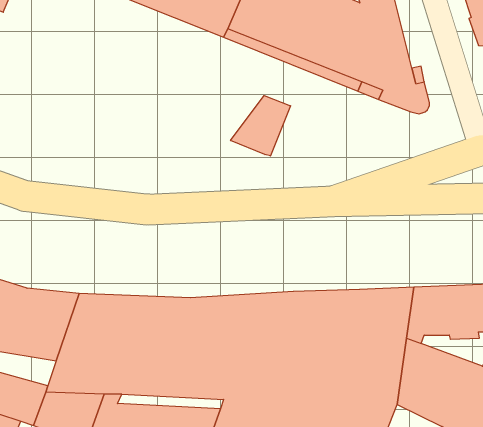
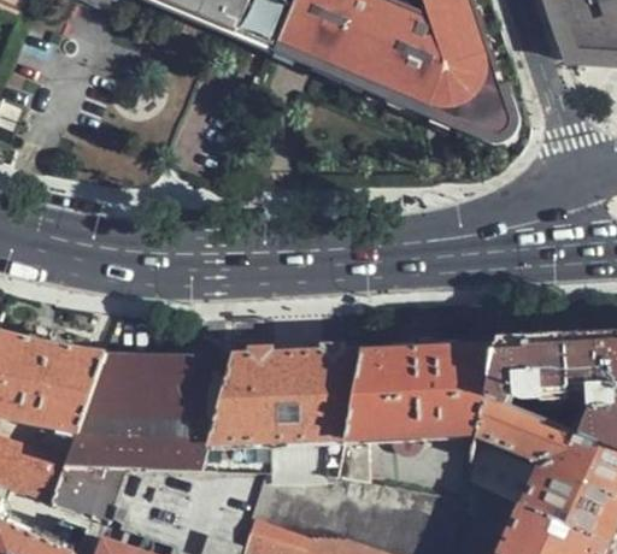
building: [231,96,291,156] -> none

